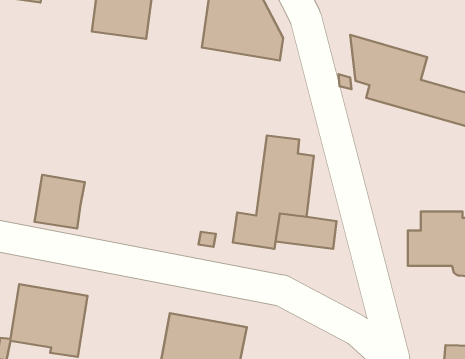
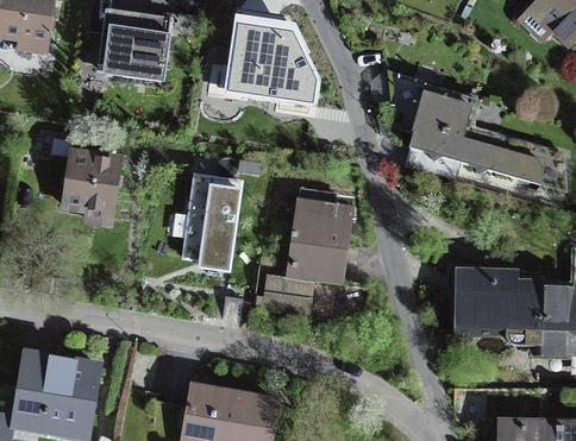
building: none -> [182,175,240,271]
building: [35,175,85,228] -> [63,152,119,212]

